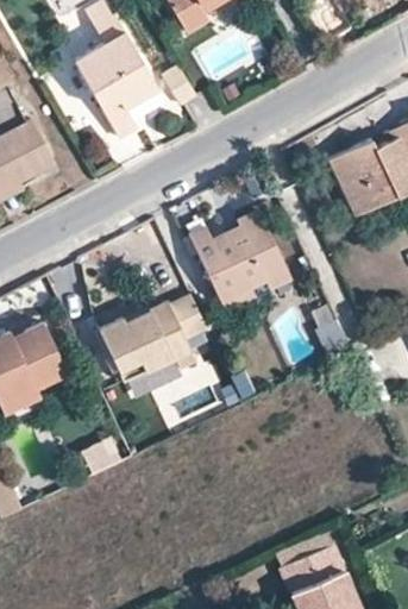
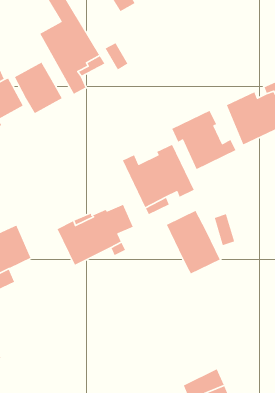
building: none -> [14,62,63,114]
building: none -> [171,110,236,170]
building: none -> [166,210,221,275]

